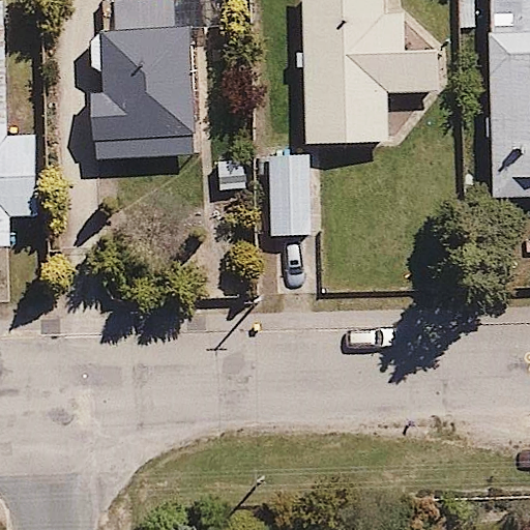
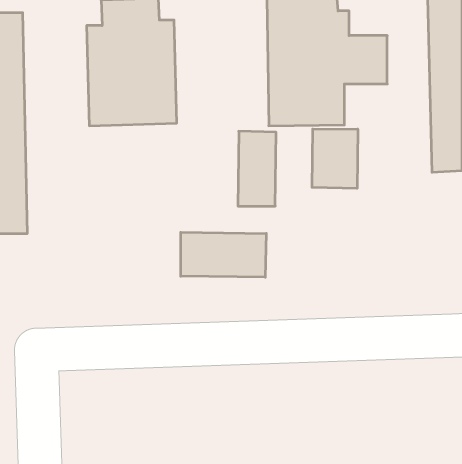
building: none -> [312,129,358,188]
building: none -> [181,232,266,277]

